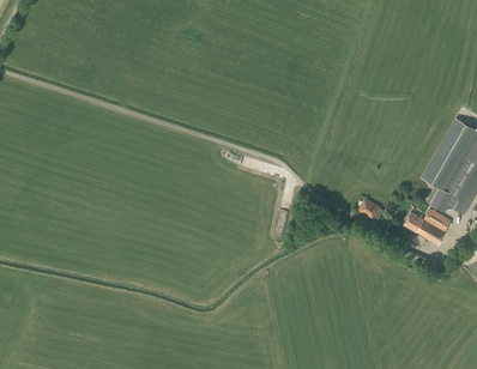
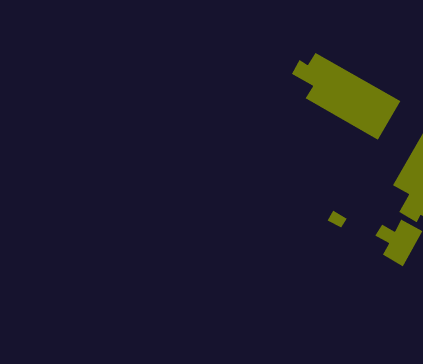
building: none -> [291,52,402,141]

